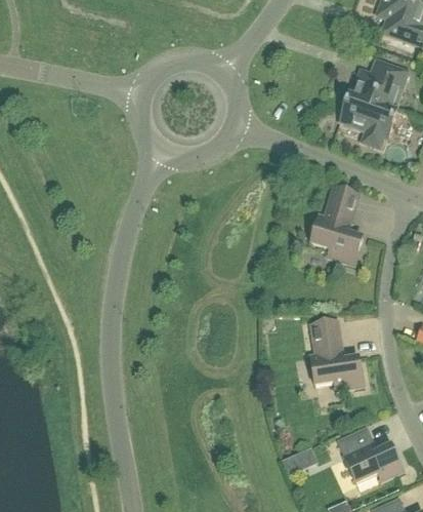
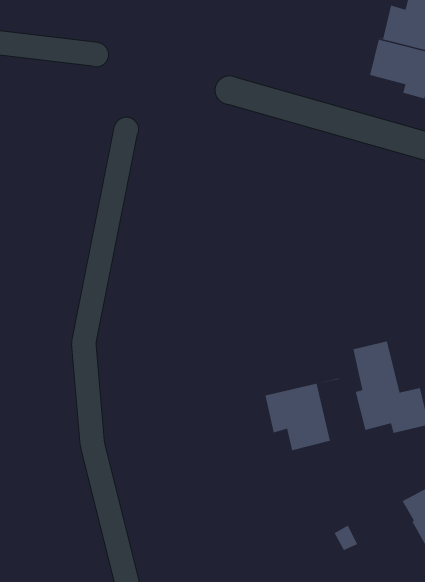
building: [310,186,363,264] -> none
building: none -> [261,377,341,451]

